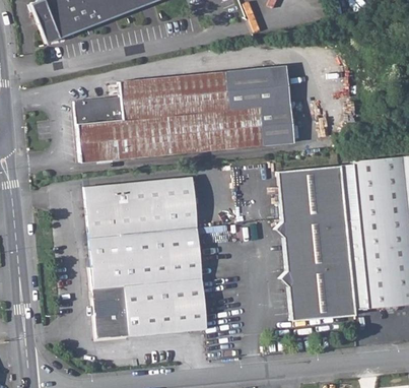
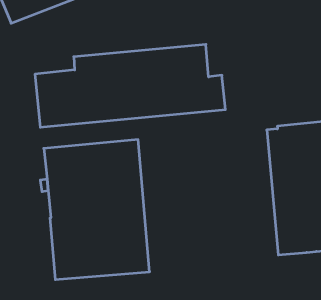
building: [271,66,289,105] -> none
building: [275,166,354,320] -> none

